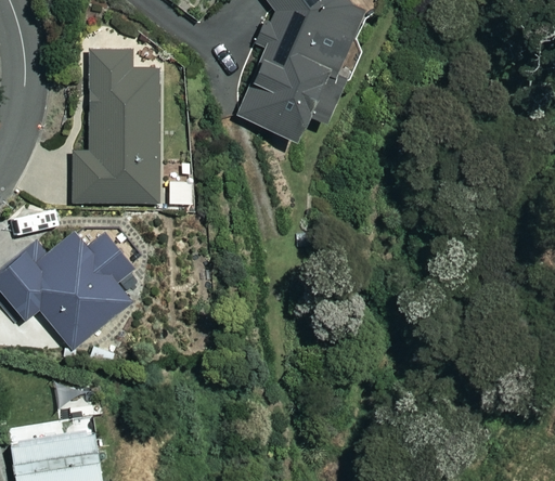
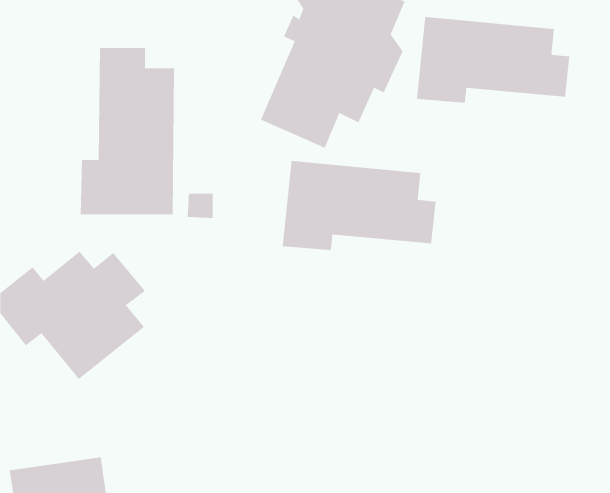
building: none -> [416,16,570,103]
building: none -> [282,160,436,251]

